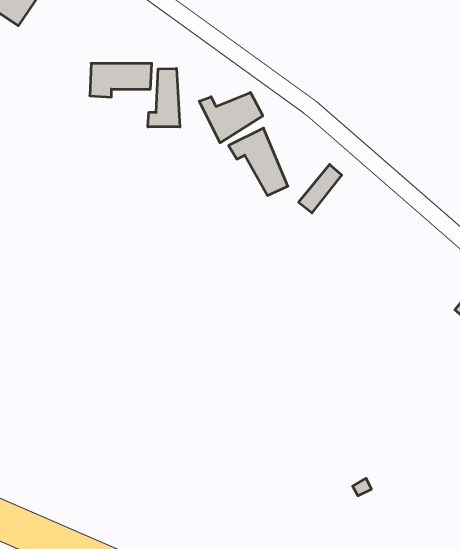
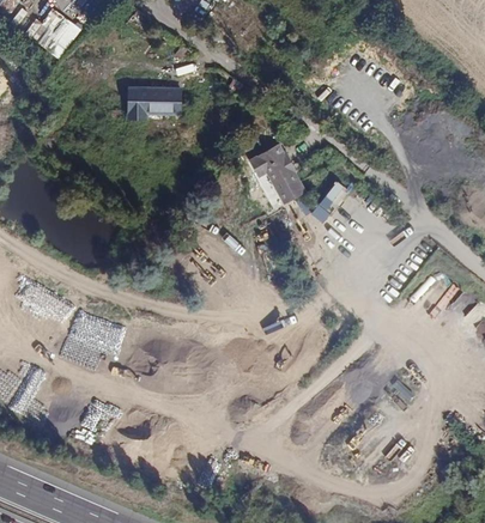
building: [148,68,180,127] -> none
building: [199,92,263,143] -> none

